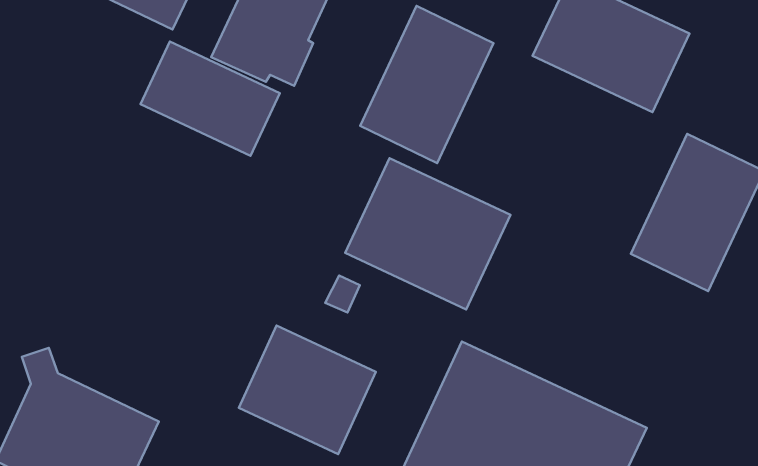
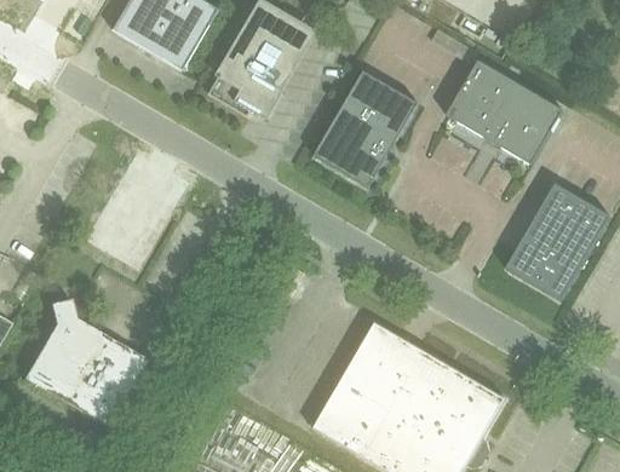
building: [141,42,280,156] -> none
building: [345,158,510,309] -> none
building: [239,325,376,454] -> none

